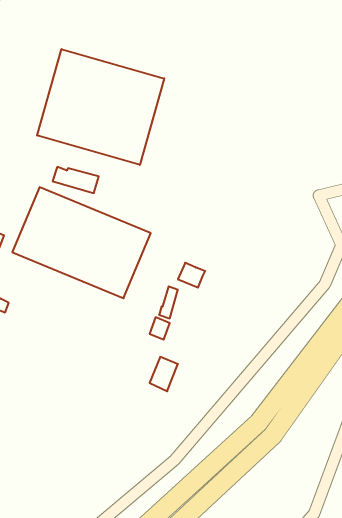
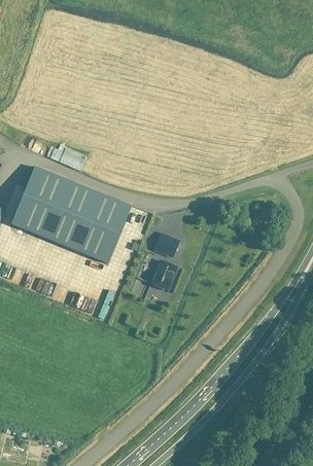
building: [37,49,164,165] -> none
building: [150,357,178,391] -> [151,260,176,290]

